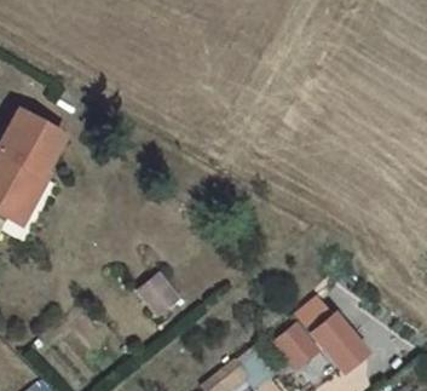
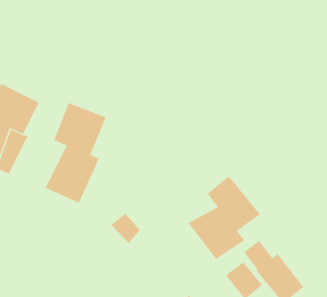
building: none -> [45,102,106,204]
building: none -> [188,176,261,260]

